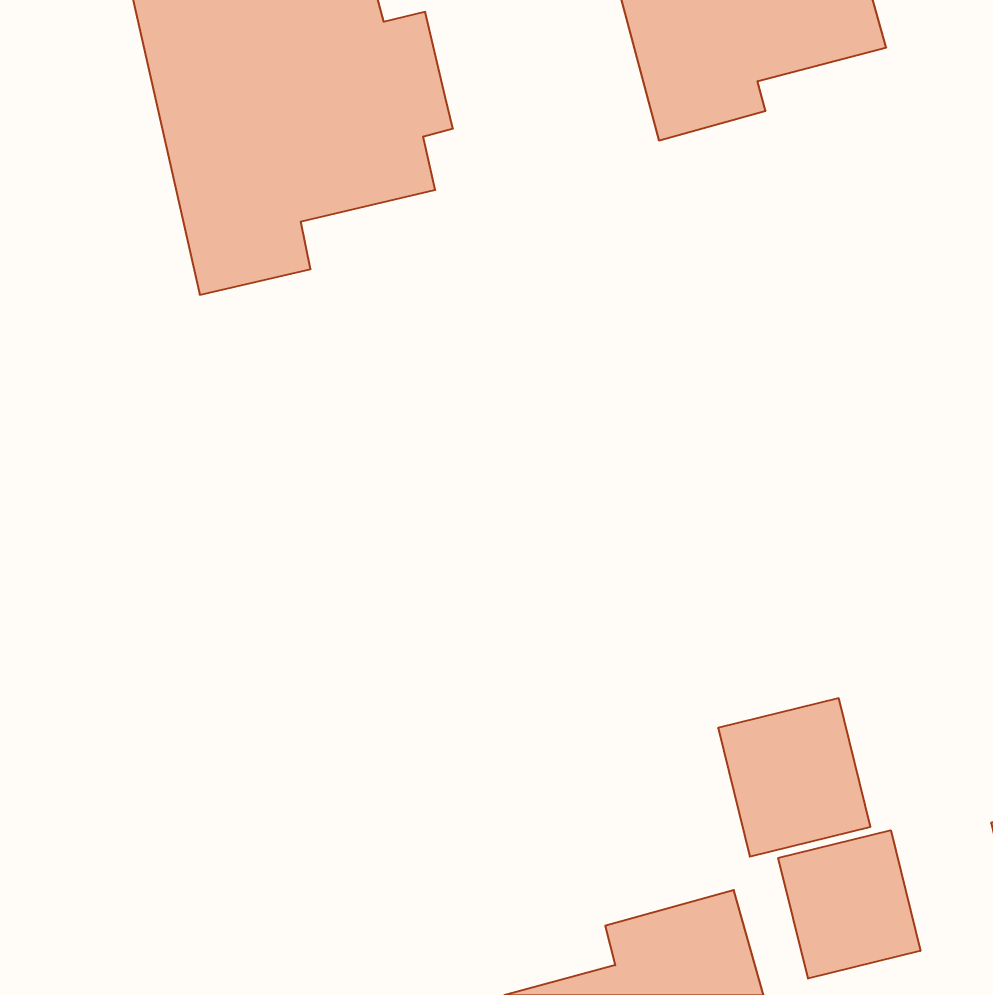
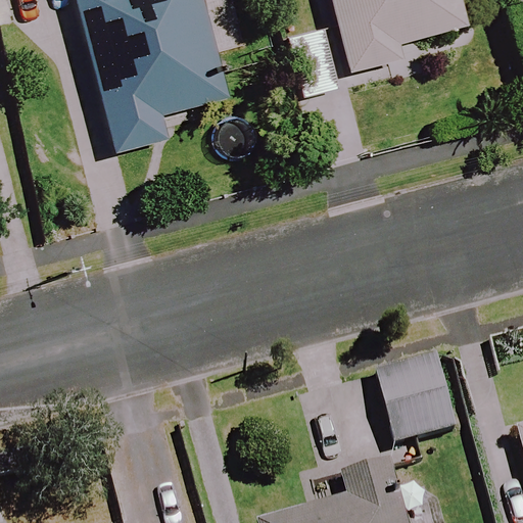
building: [778,830,920,979] -> none

